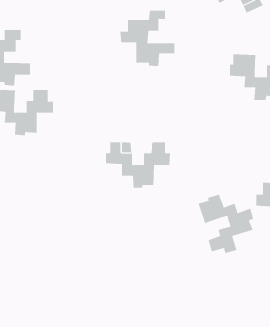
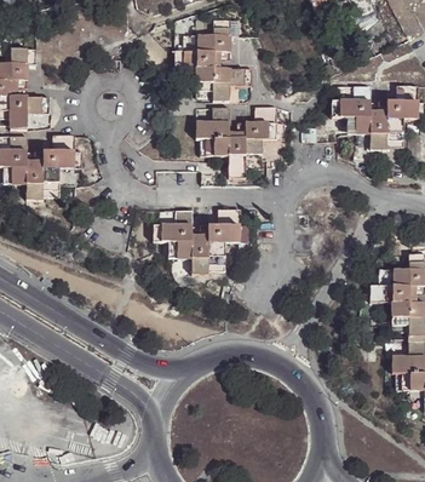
building: none -> [196,105,286,178]
building: [198,194,254,254] -> none

